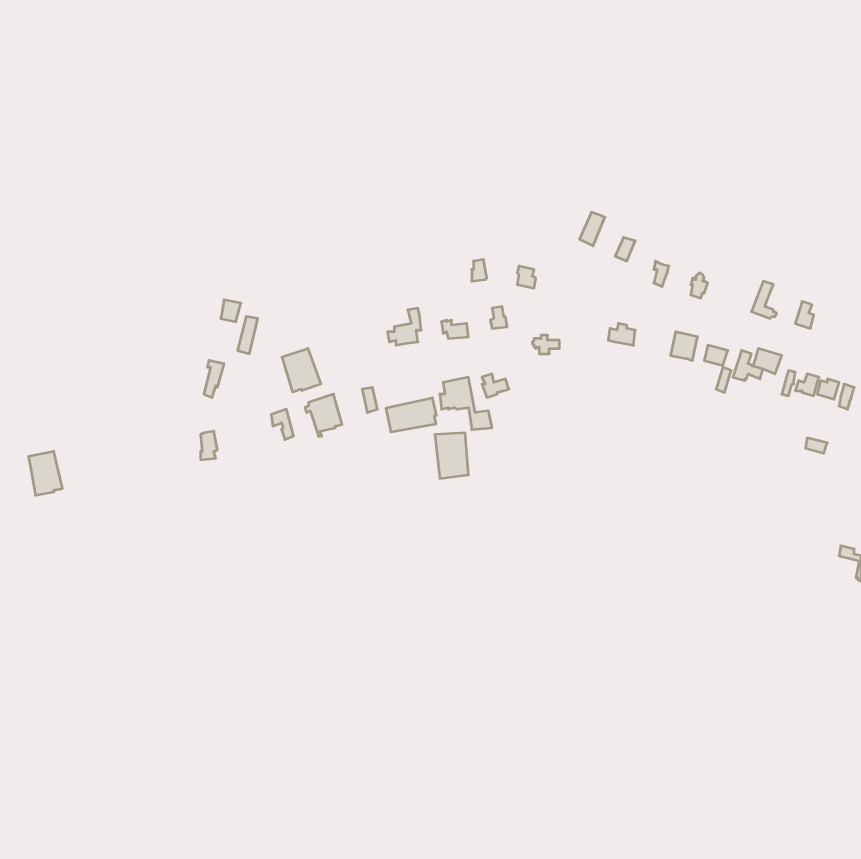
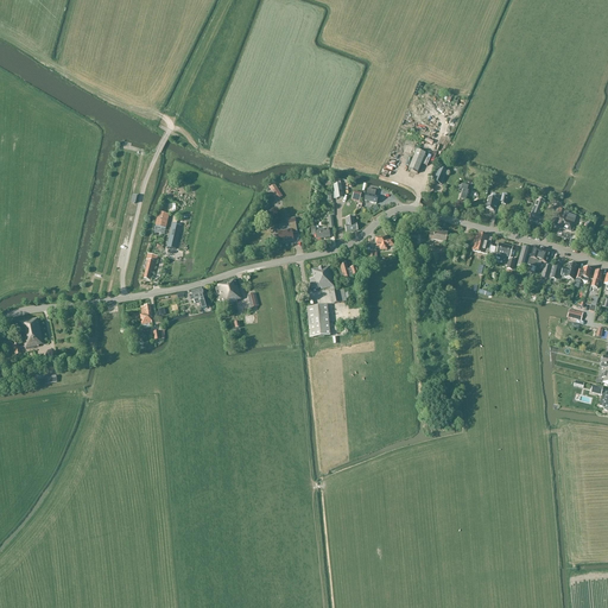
building: [282,348,321,392] -> none
building: [386,398,436,432] -> none

